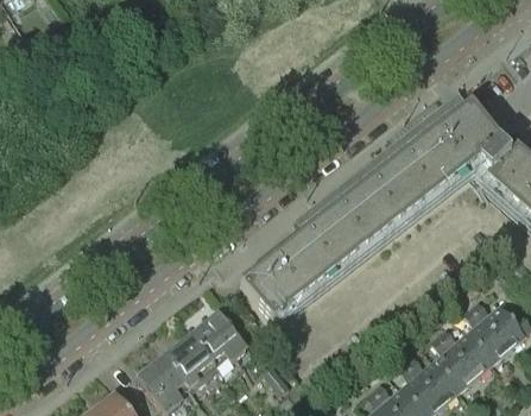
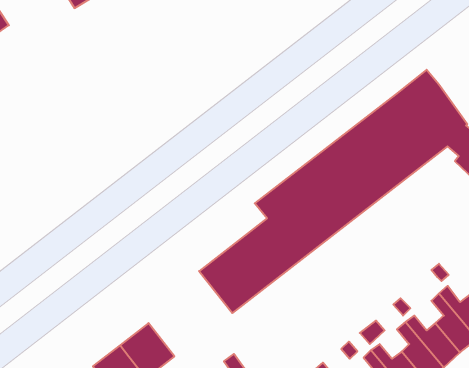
building: [191,315,246,367] -> none

